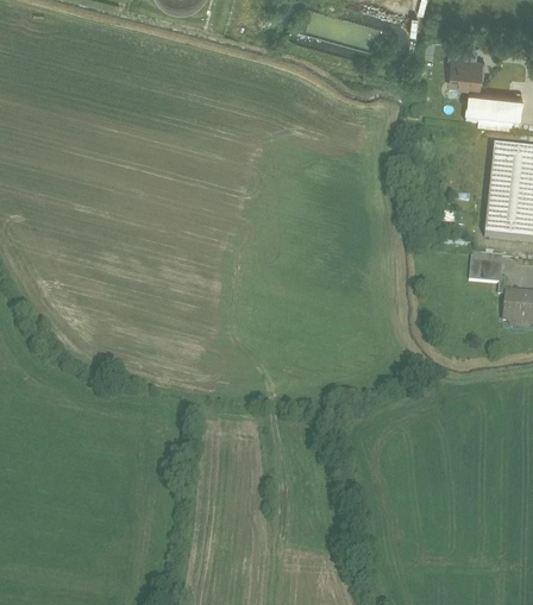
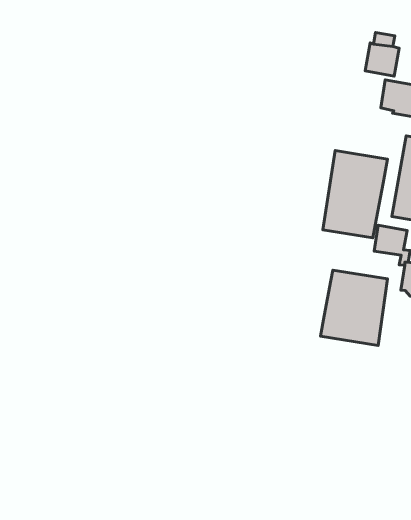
building: none -> [323,150,387,238]
building: none -> [321,270,388,346]

